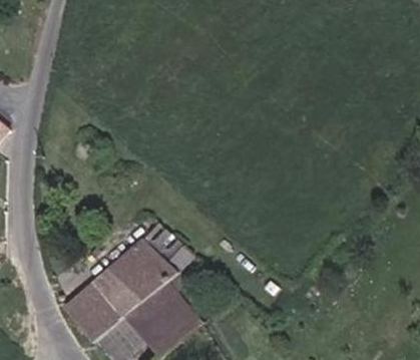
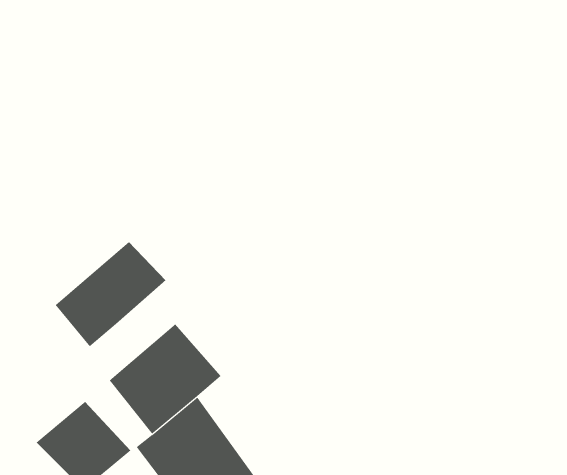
building: none -> [55,241,166,347]

